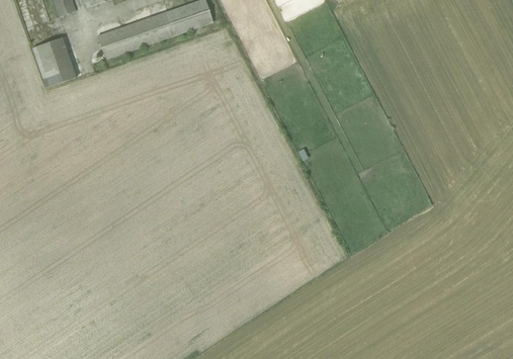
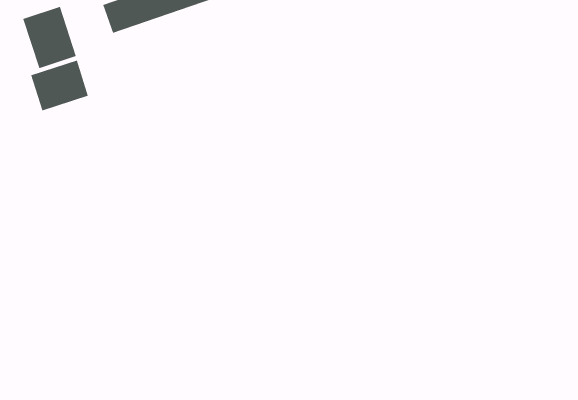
building: none -> [30,60,89,111]

